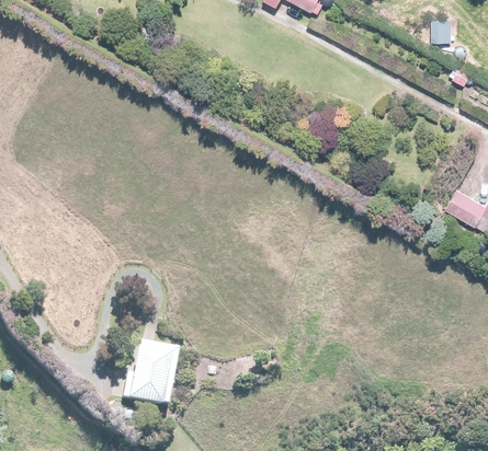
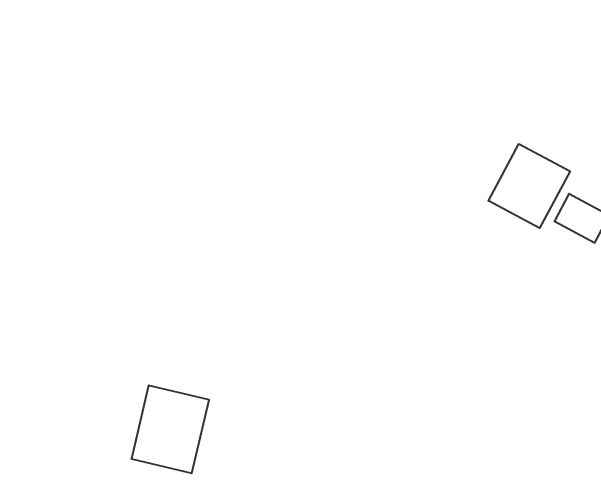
building: none -> [488,144,570,228]

